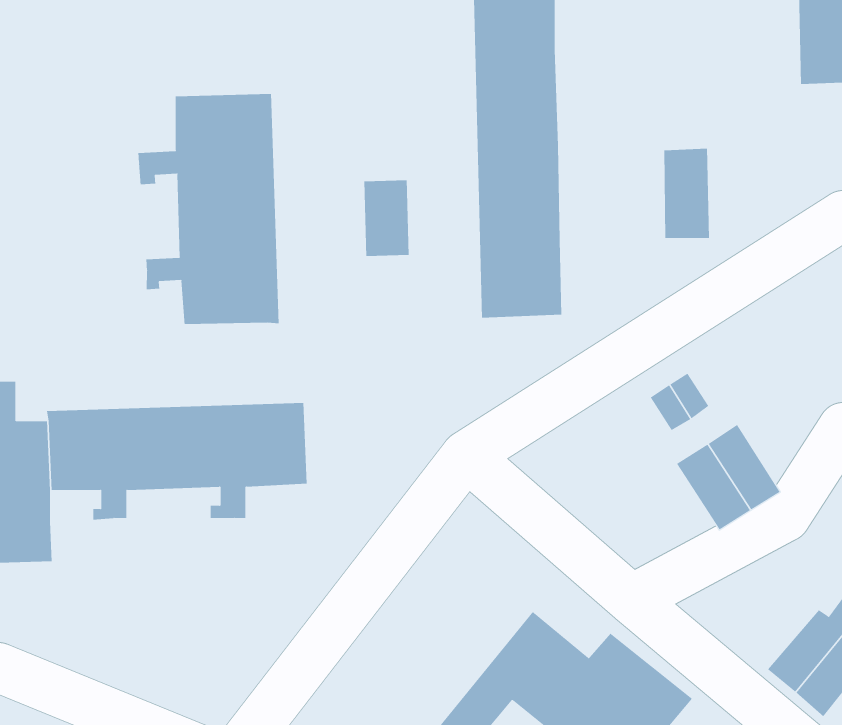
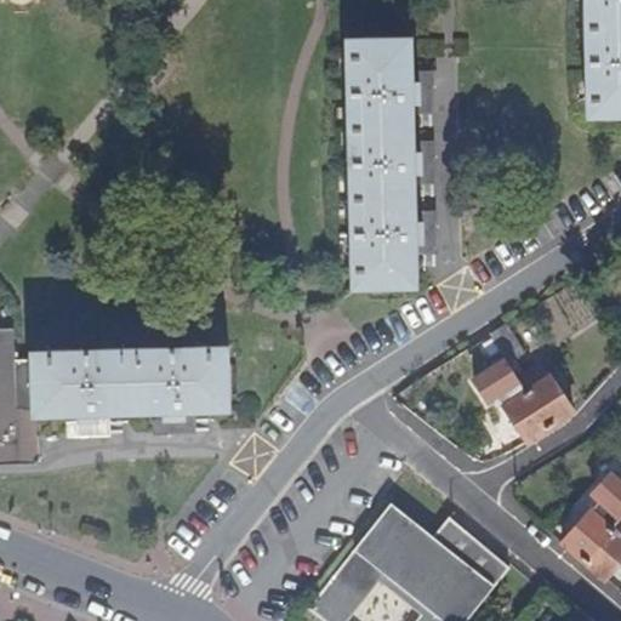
building: [138,93,279,325] -> none
building: [664,148,710,239] -> none
building: [364,179,409,257] -> none

